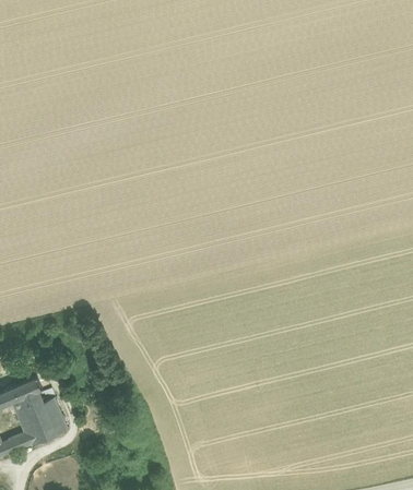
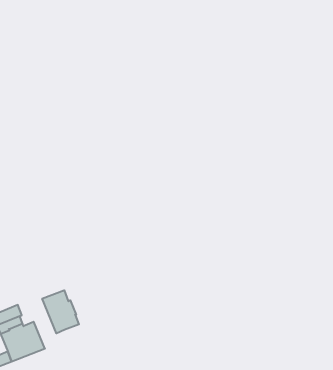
building: none -> [42,290,79,333]

